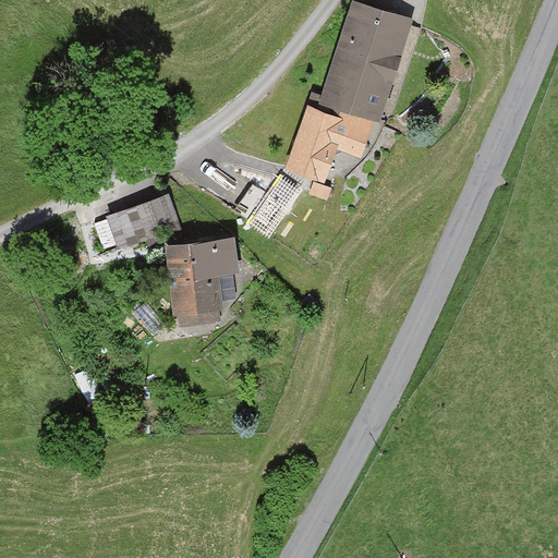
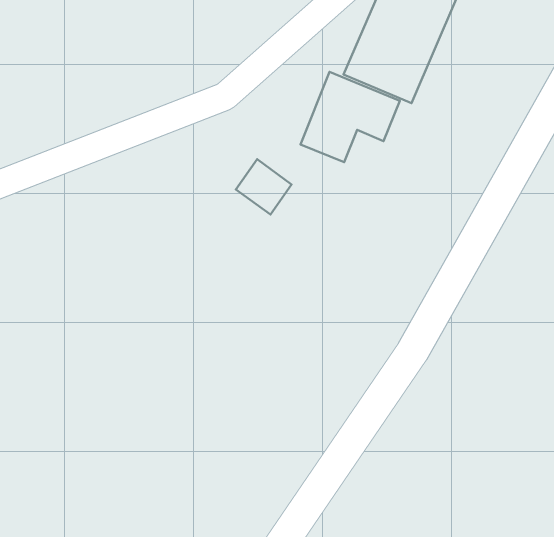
building: [105,199,159,248] -> none
building: [166,238,240,328] -> none

